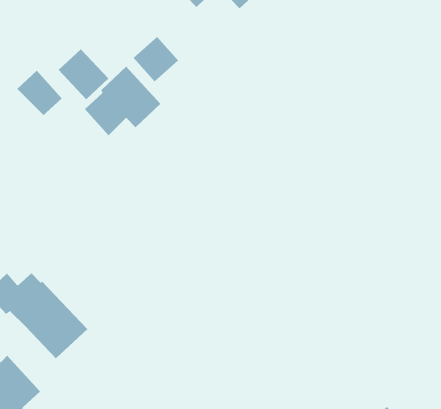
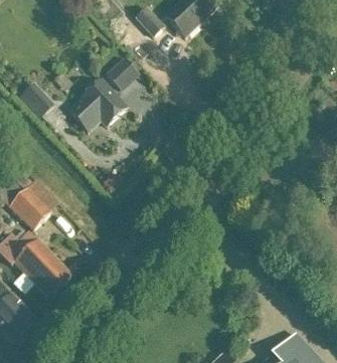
building: [58,48,109,100] -> none
building: none -> [11,183,57,229]

